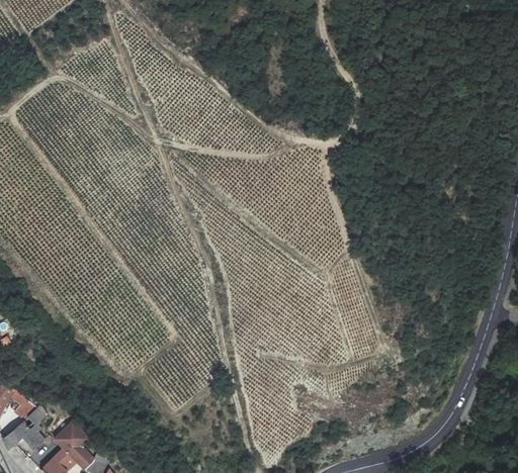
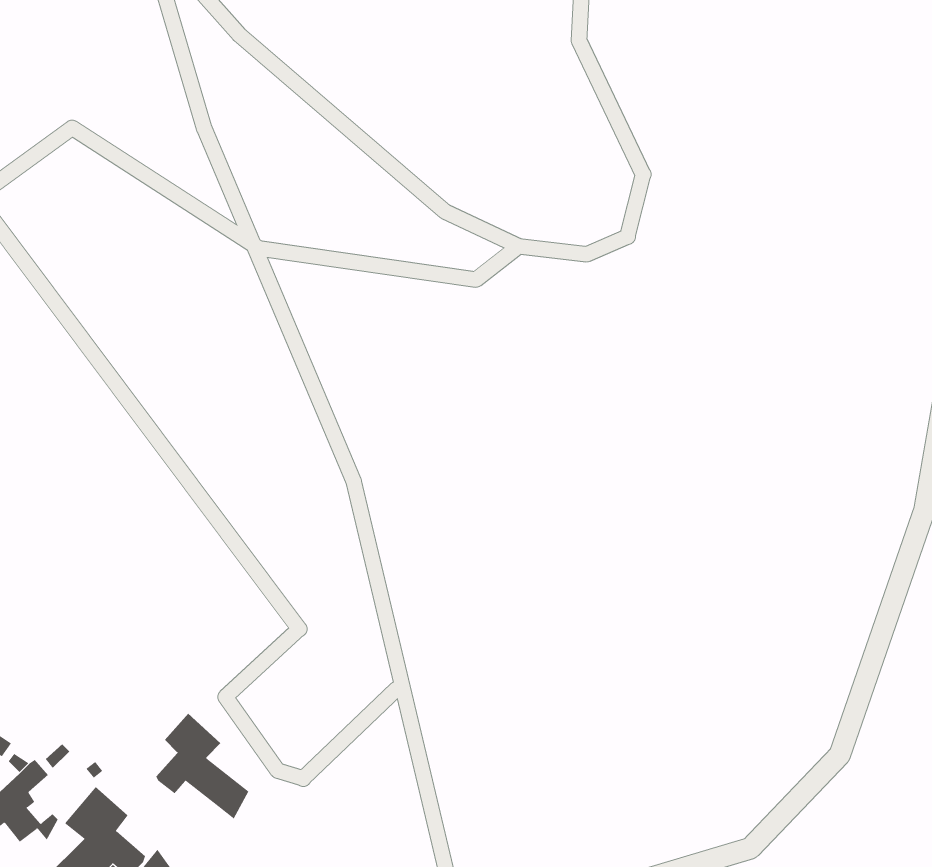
building: none -> [156,713,249,819]

